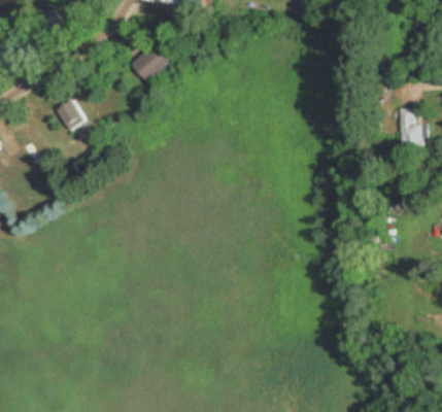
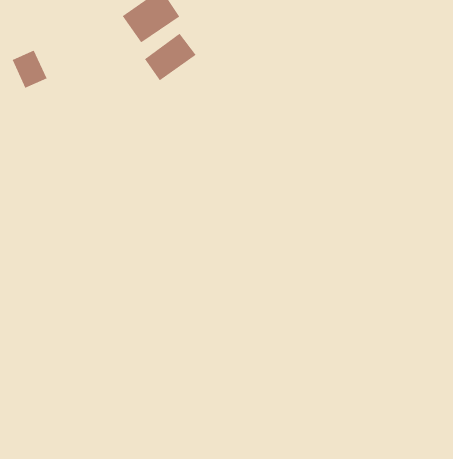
building: none -> [144,33,196,81]

